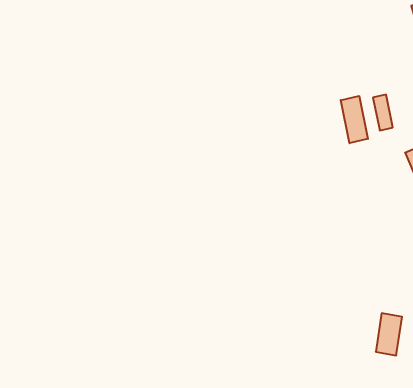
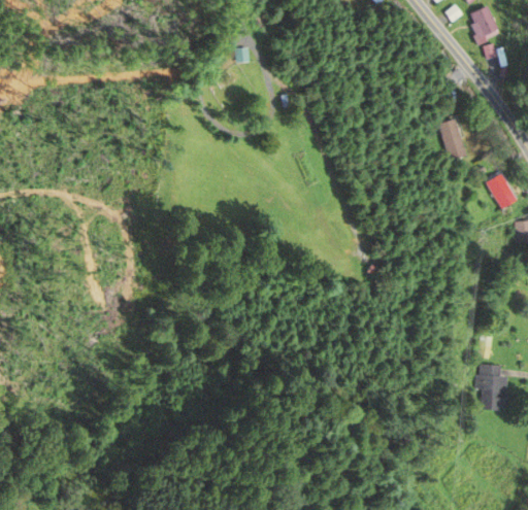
building: [341,96,368,143] -> none

